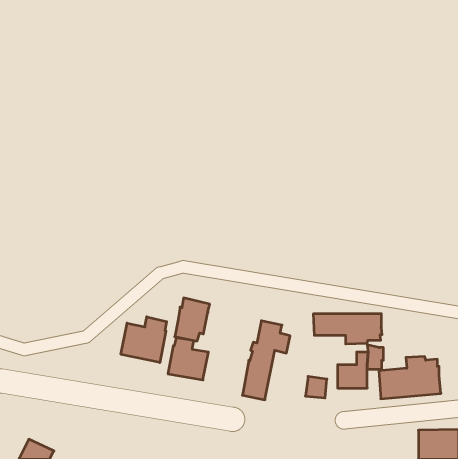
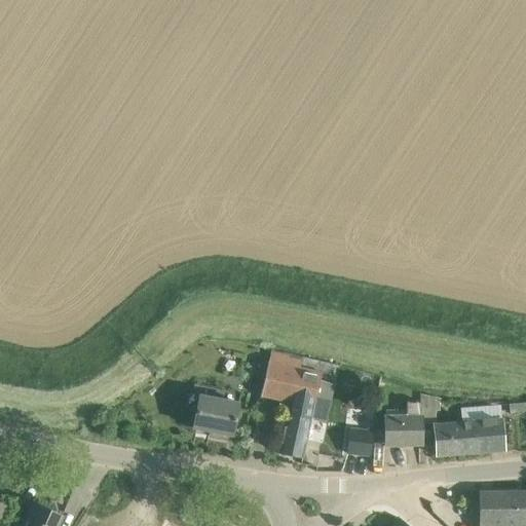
building: [175,298,210,341] -> [262,351,302,401]
building: [314,314,382,344] -> none
building: [121,317,167,363] -> none

